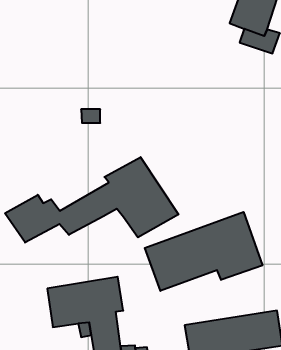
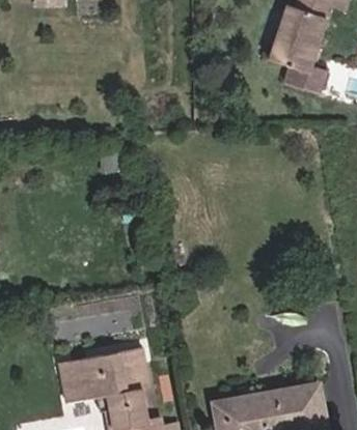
building: [5,157,178,243] -> none
building: [145,212,262,291] -> none

